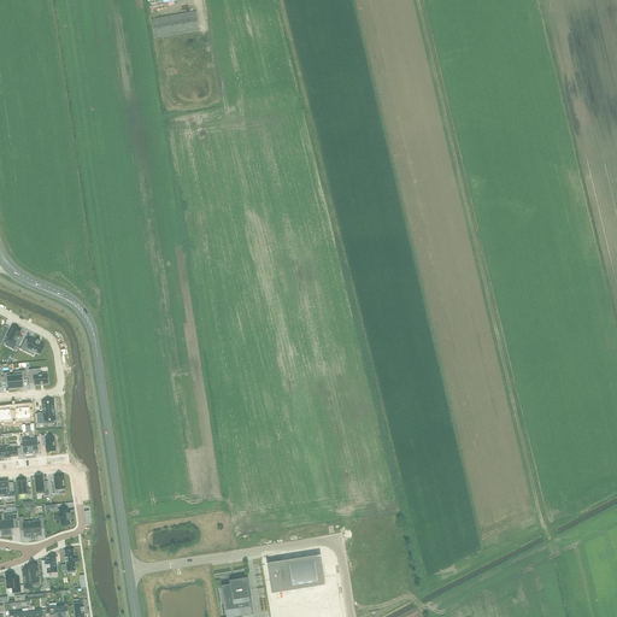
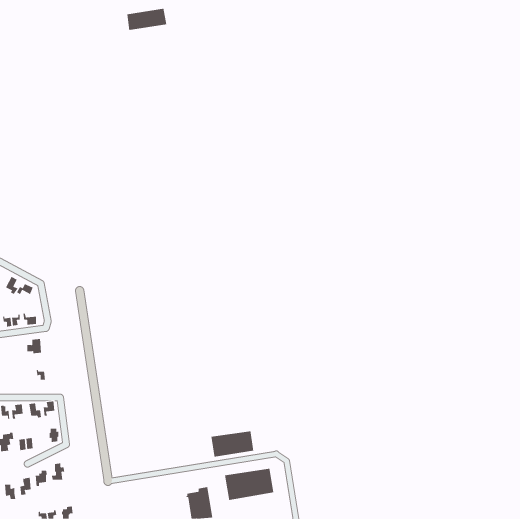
building: none -> [211,431,254,458]

